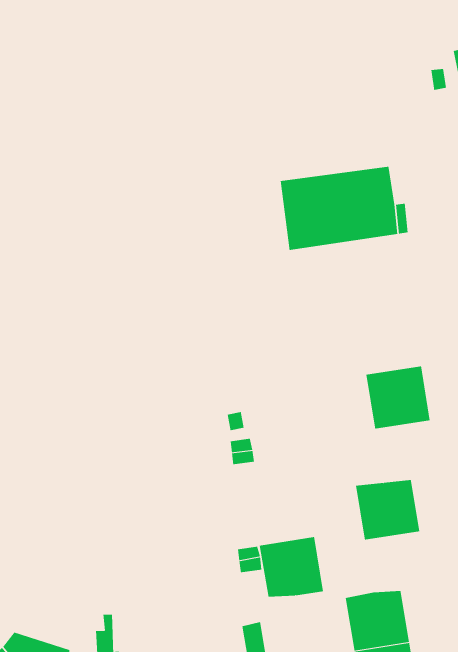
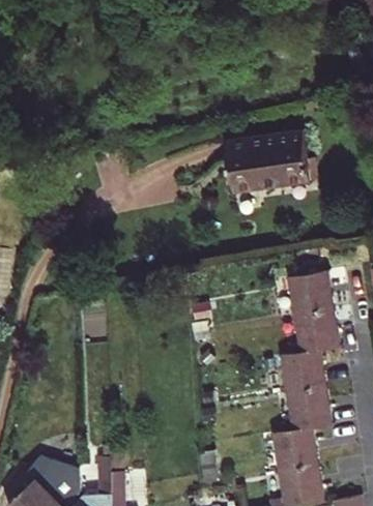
building: none -> [293,310,340,354]
building: [259,537,324,597] -> [286,388,332,430]

